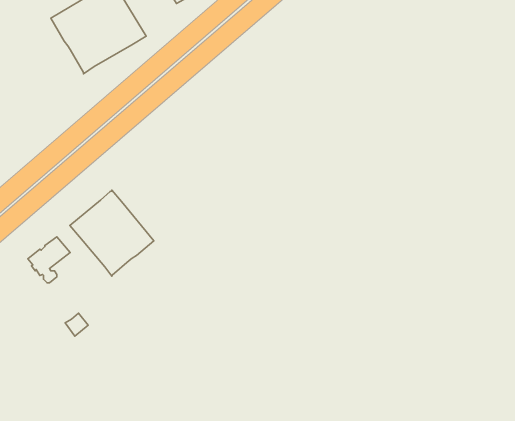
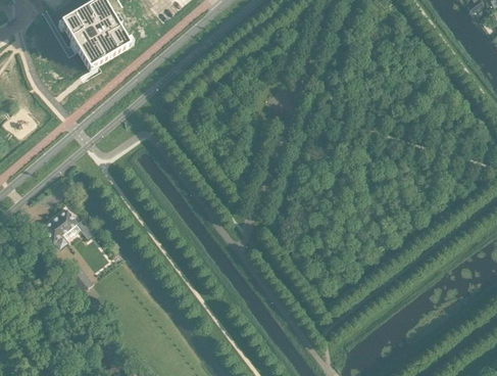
building: [70,190,154,276] -> none

